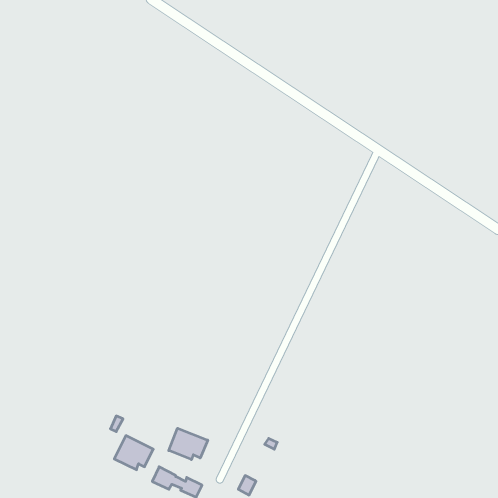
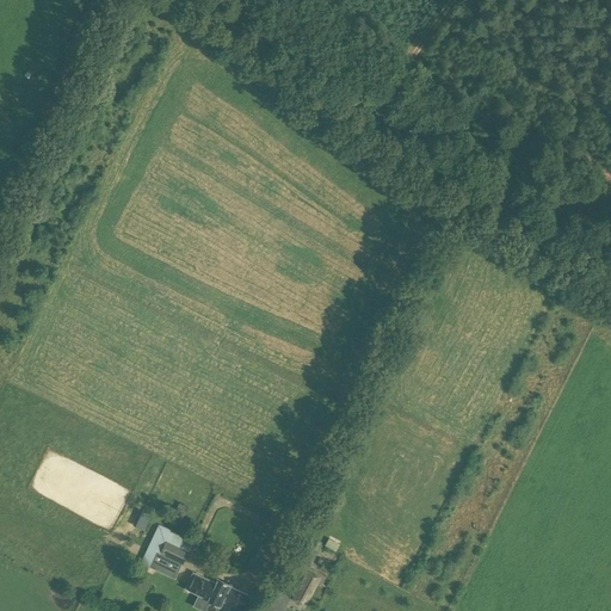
building: [169,428,208,460] -> none

